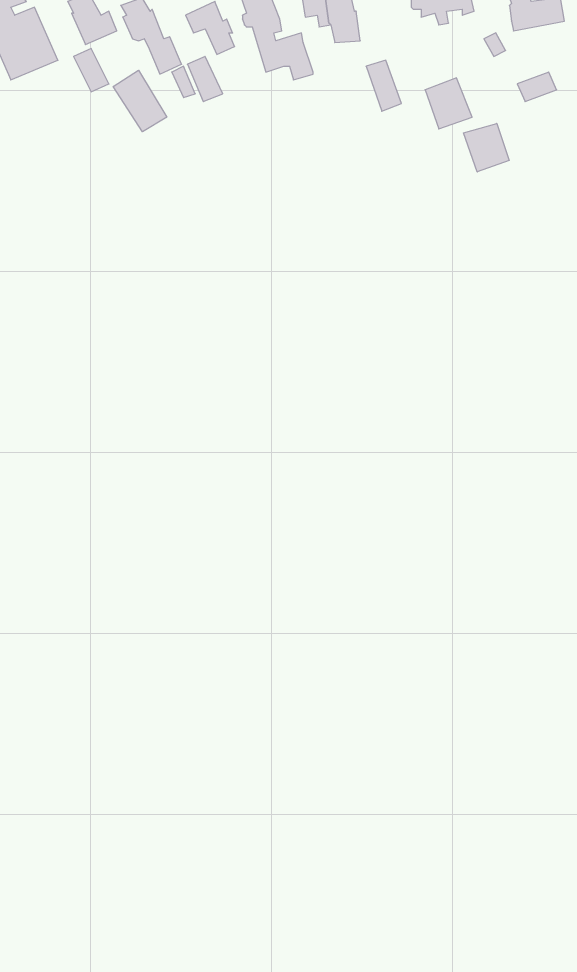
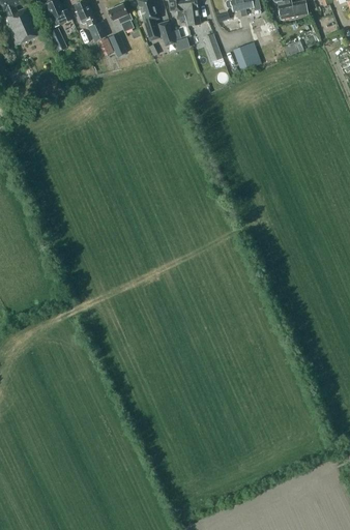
building: [113,70,167,132] -> none
building: [463,123,509,172] -> none

